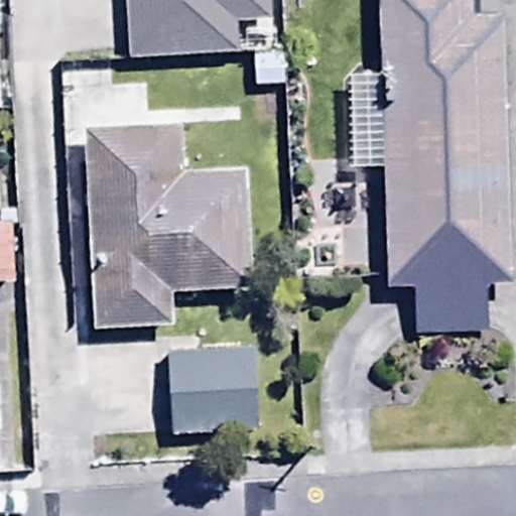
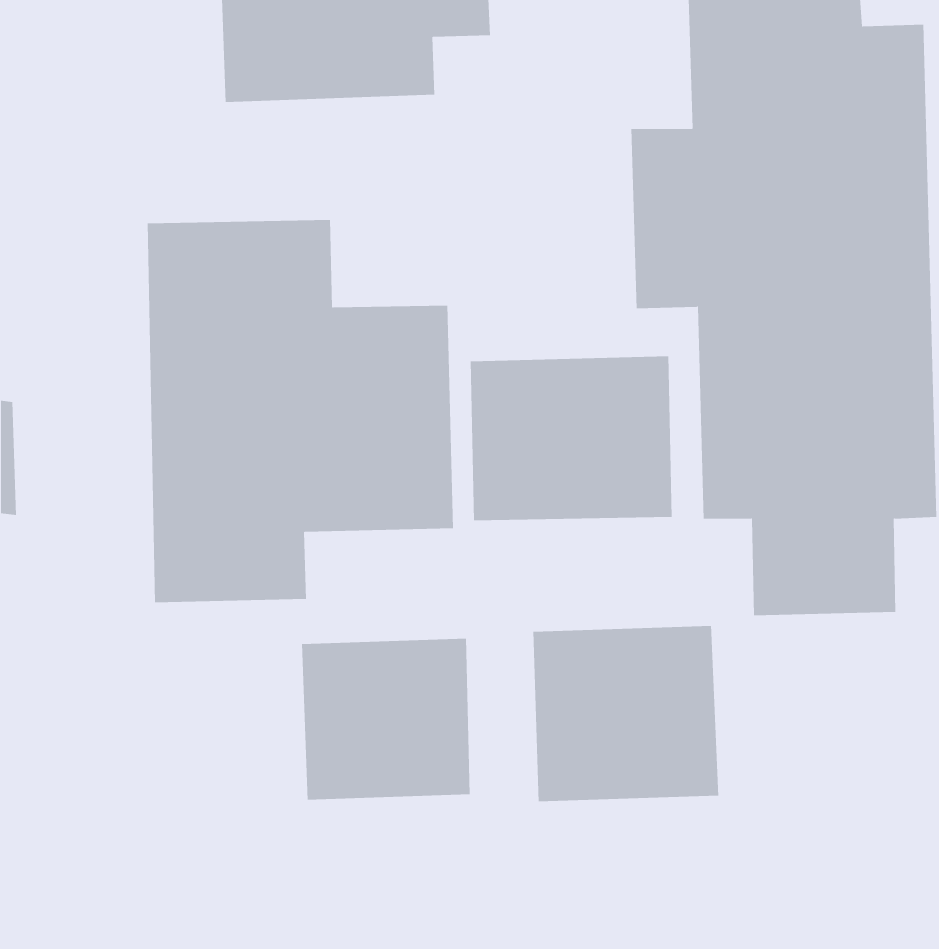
building: none -> [470,355,672,521]
building: none -> [533,625,719,802]

